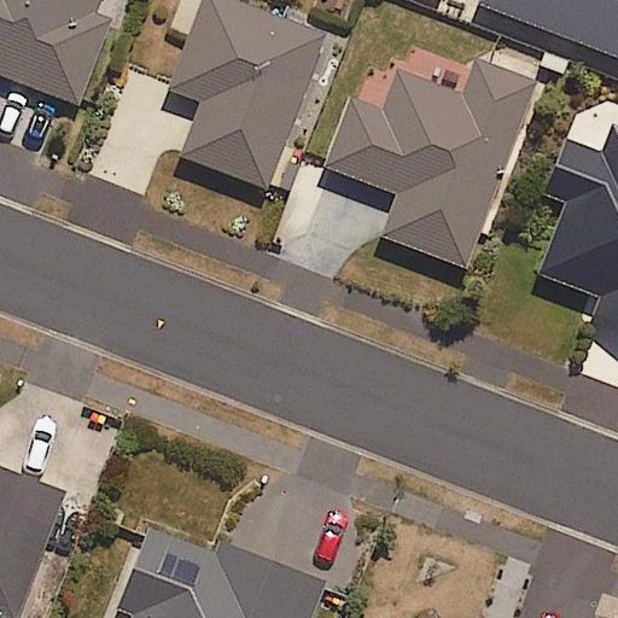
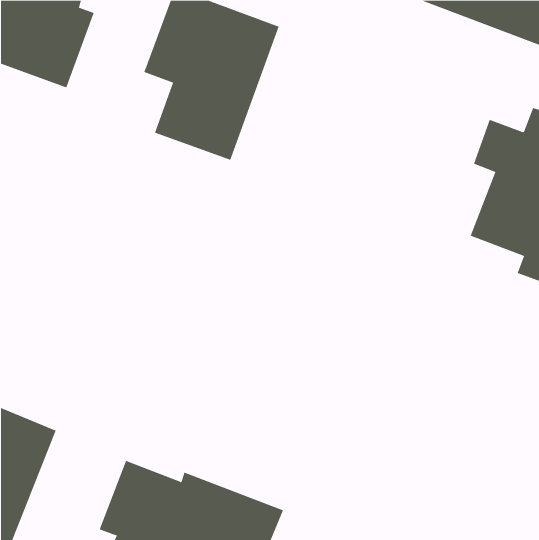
building: [325,59,532,266] -> none

